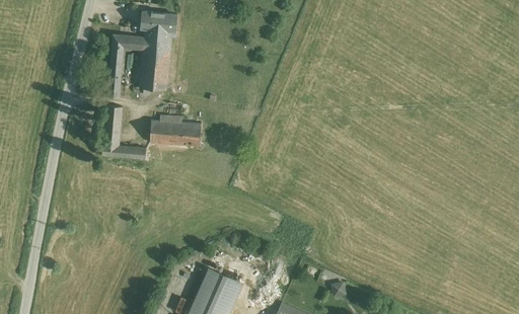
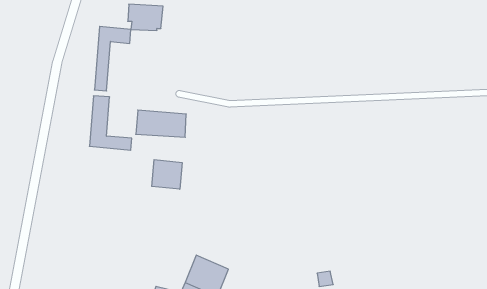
building: [140,37,170,90] -> none
building: none -> [152,160,182,189]

